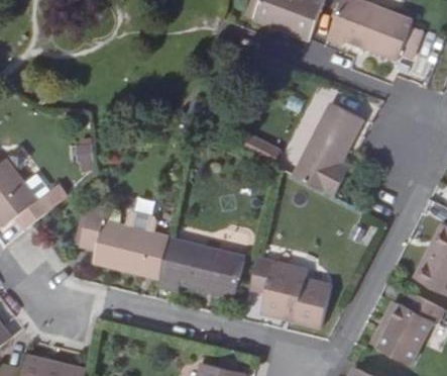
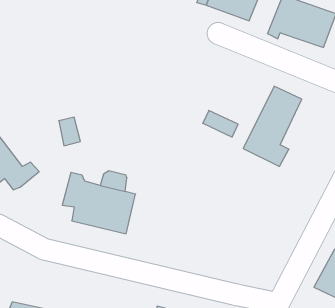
building: [155,241,240,298] -> none
building: [249,254,330,322] -> none

